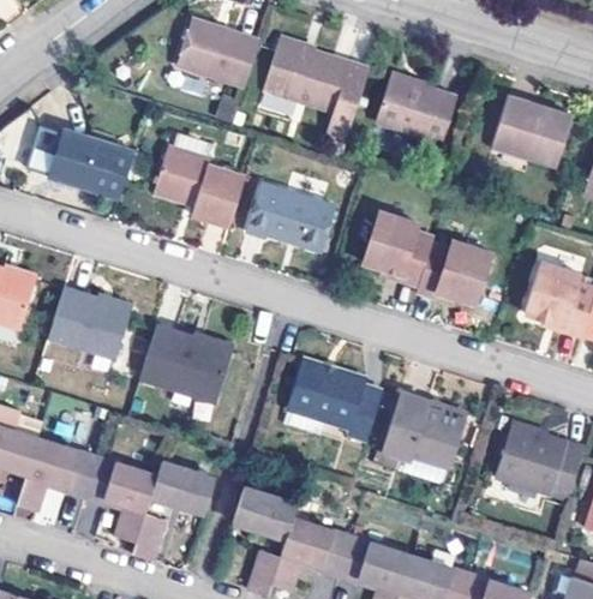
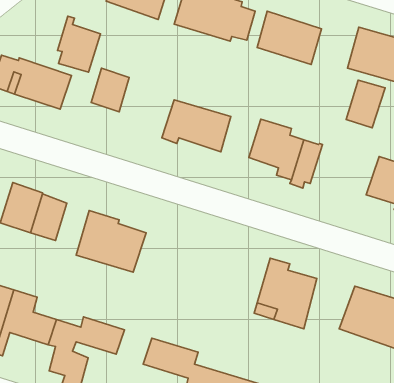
building: [199,156,254,228] -> [58,16,101,72]
building: [445,242,496,304] -> [346,80,385,128]
building: [275,357,376,441] -> none

